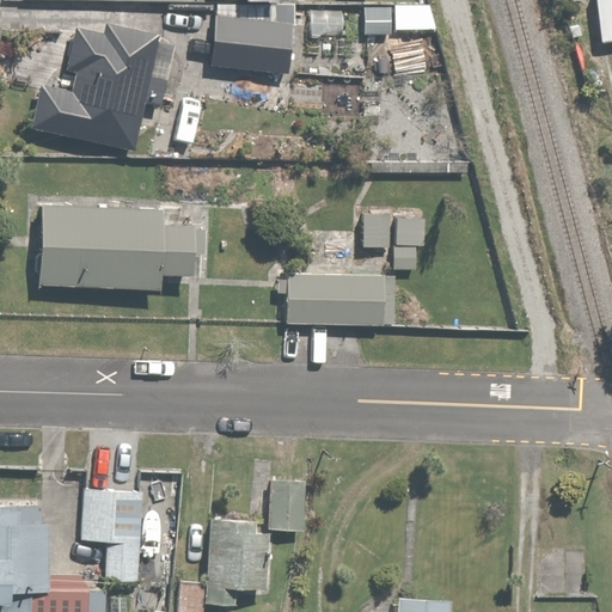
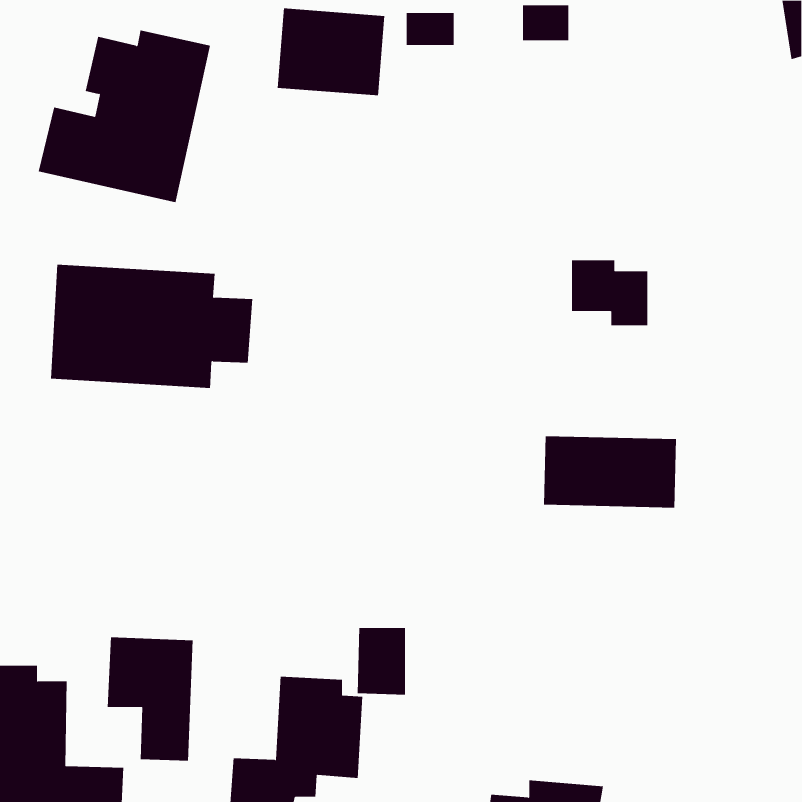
building: [361,208,420,258] -> [571,260,648,326]
building: [284,271,386,326] -> [543,436,677,508]

